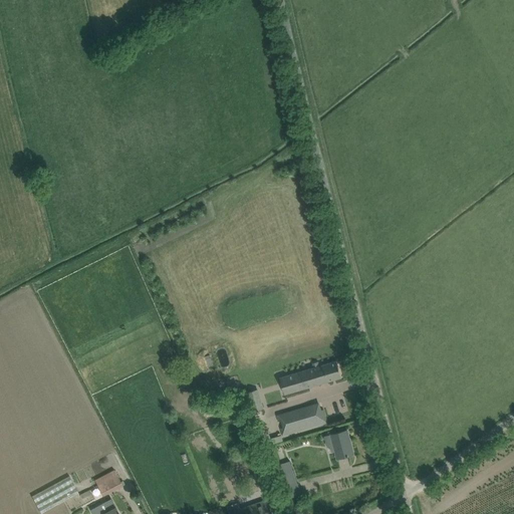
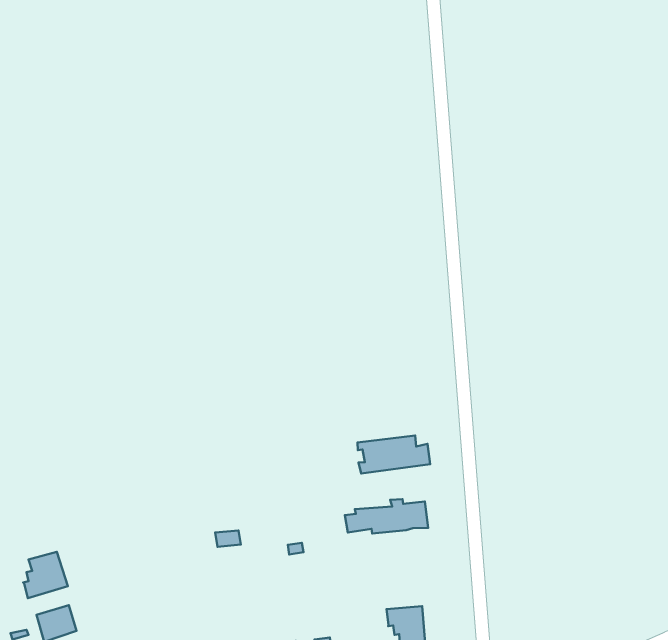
building: [276,406,326,437] -> [357,436,430,474]
building: none -> [23,552,68,598]

